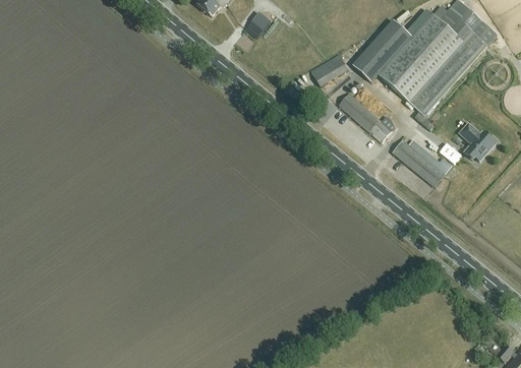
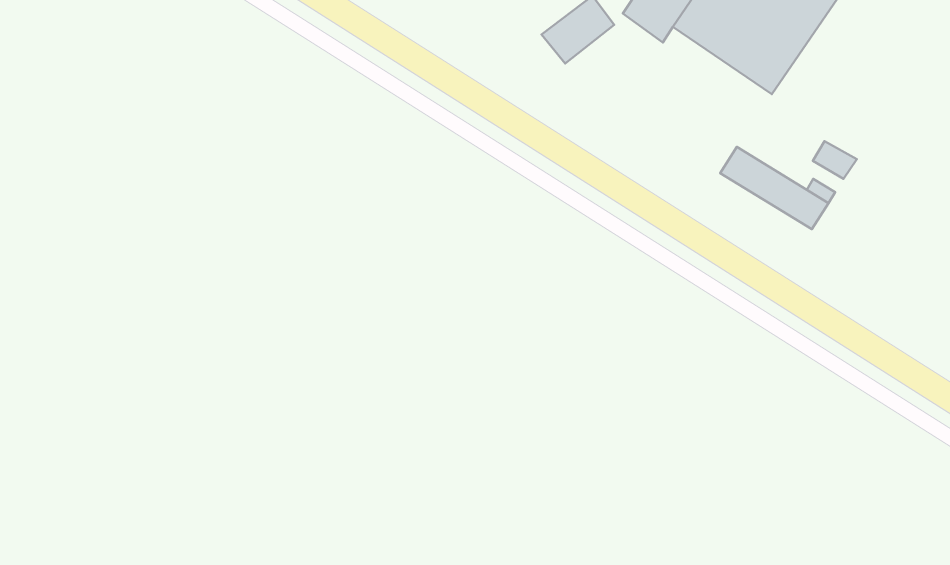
building: [339,94,392,142] -> none
building: [459,122,495,161] -> none

